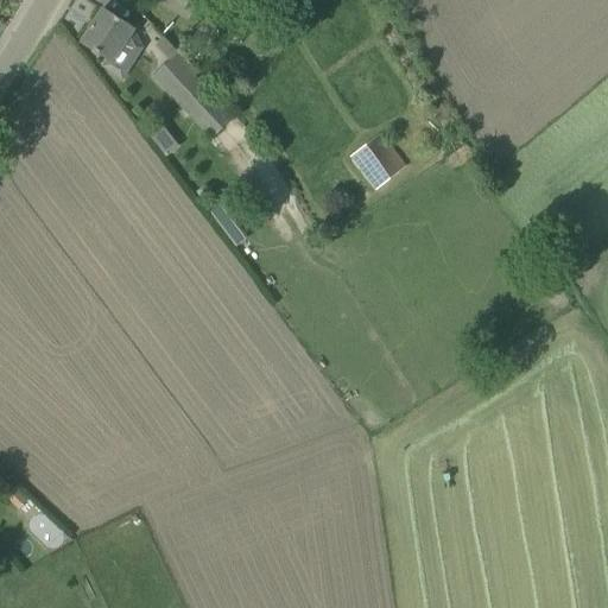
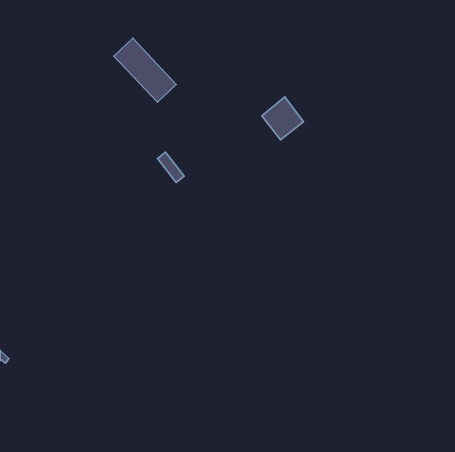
building: [82,6,144,77] -> none

